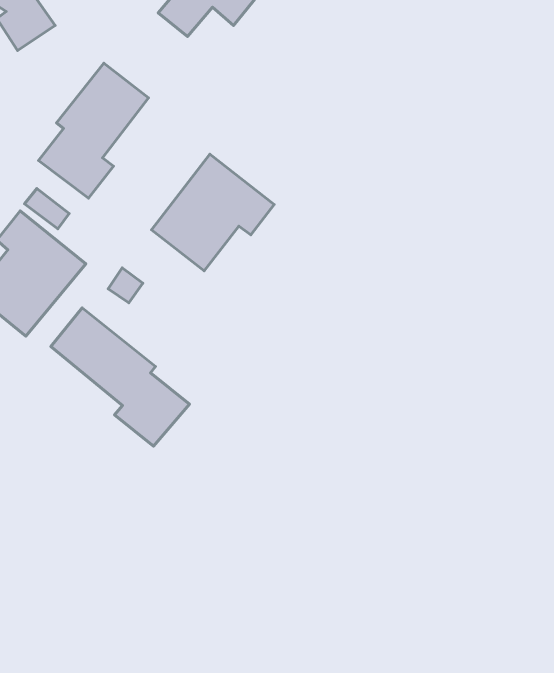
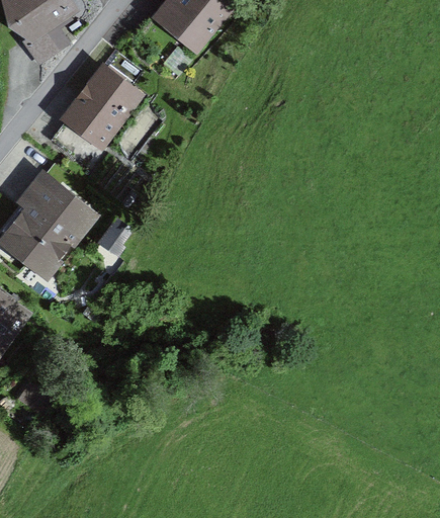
building: [152,154,274,271] -> none
building: [51,308,190,446] -> none

